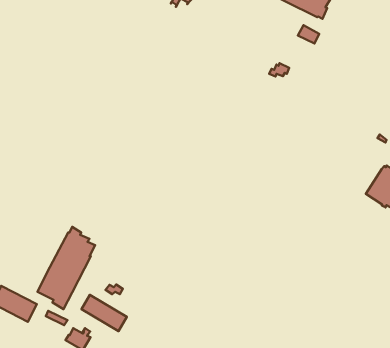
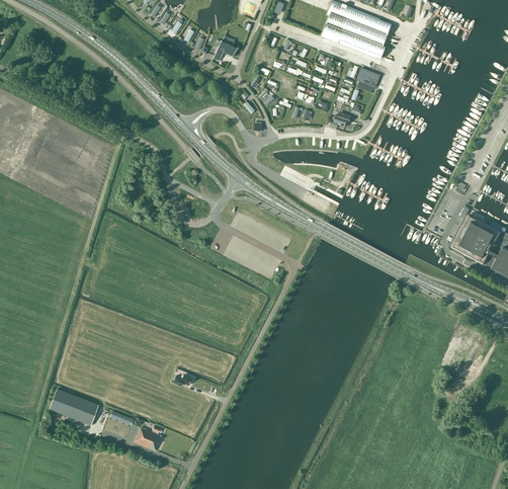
building: [38,227,95,309] -> none
building: [82,295,127,331] -> none

